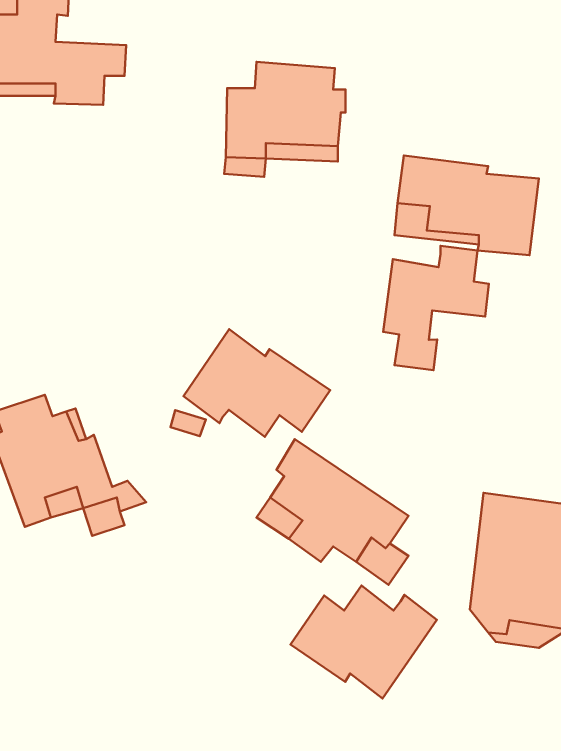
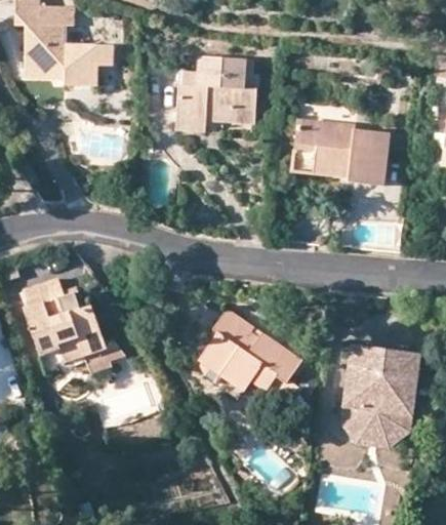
building: [383,246,489,370] -> none
building: [183,329,330,437] -> none
building: [291,585,437,698] -> none

